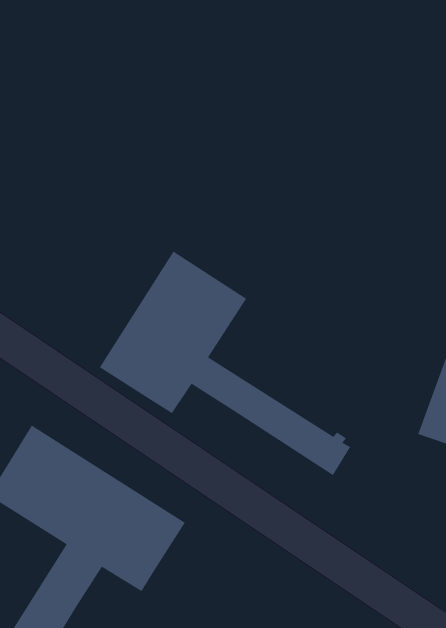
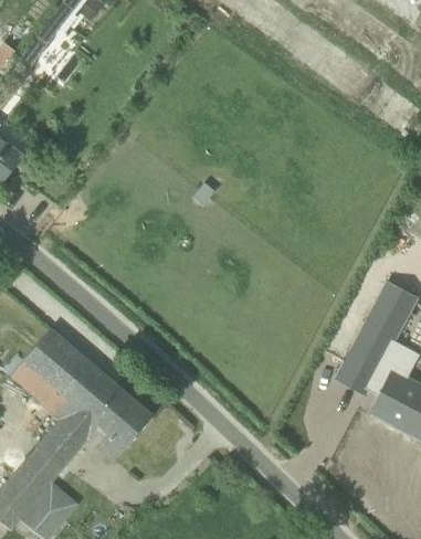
building: [99,250,351,476] -> none

